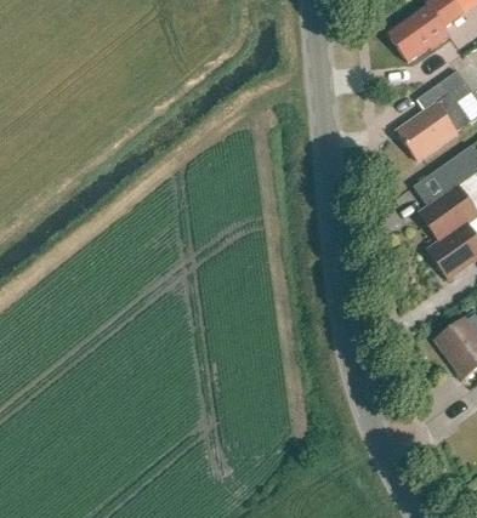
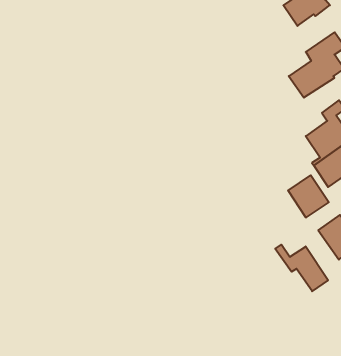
building: none -> [288,175,329,218]
building: none -> [275,245,328,291]

